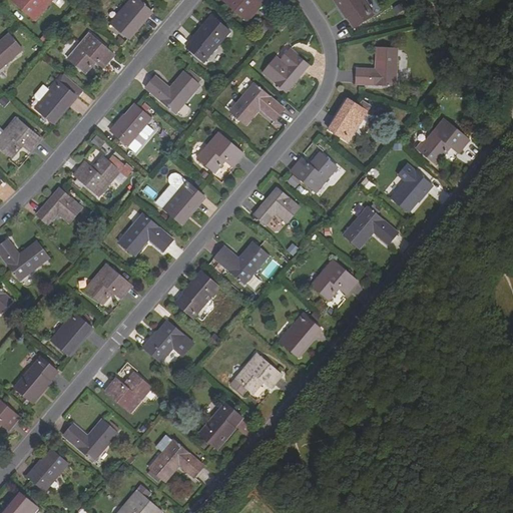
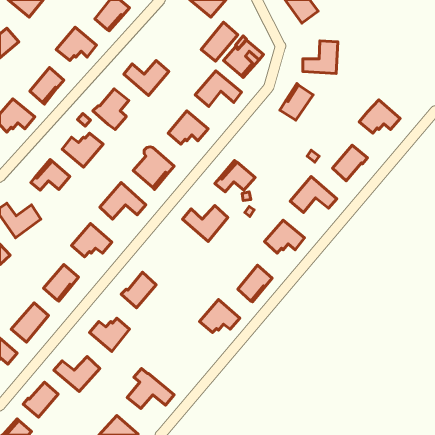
building: [186,15,229,61] -> [201,22,238,61]
building: [291,154,338,193] -> none
building: [175,272,219,318] -> none
building: [198,402,242,447] -> none

